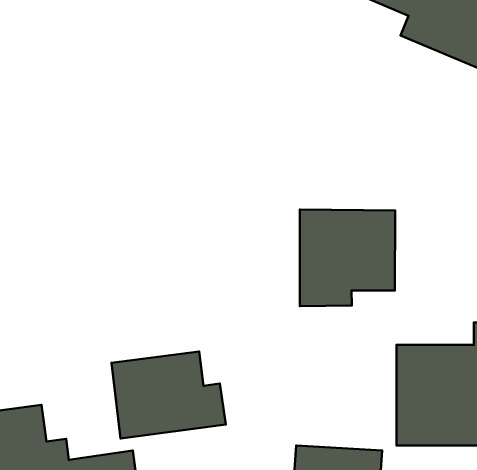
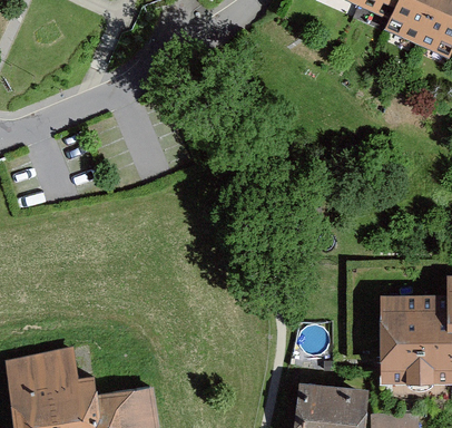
building: [300,210,395,306] -> none
building: [112,351,226,438] -> none

